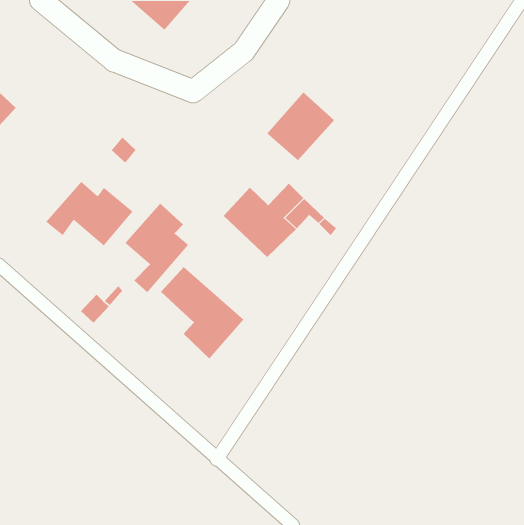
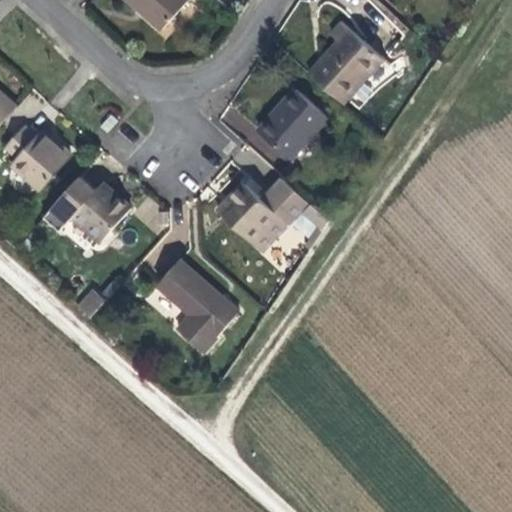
building: none -> [309,22,382,102]
building: none -> [6,125,71,191]
building: [125,203,189,293] -> none

